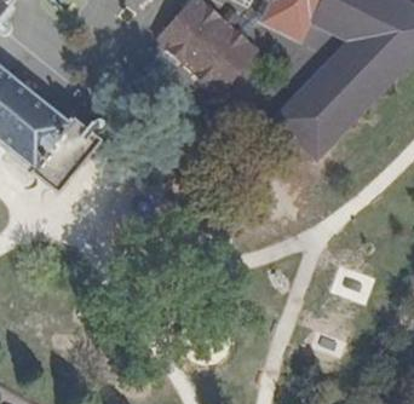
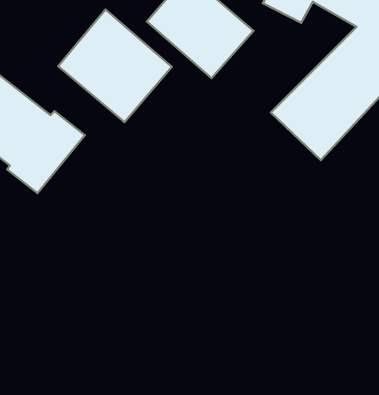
building: none -> [58,9,172,122]

